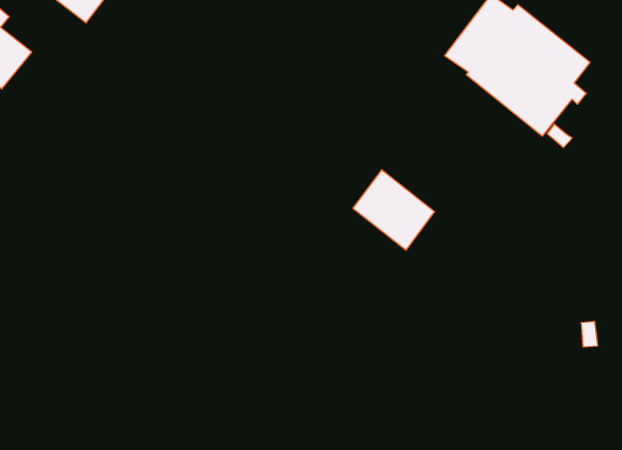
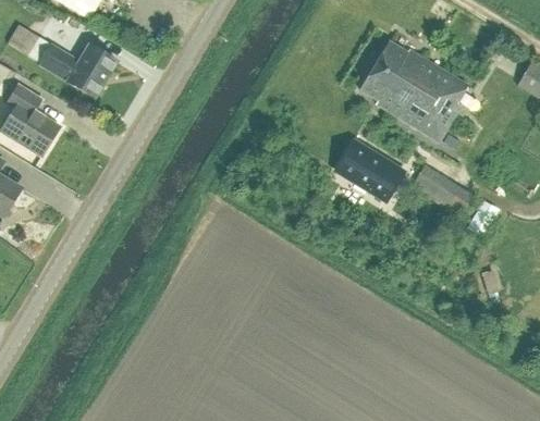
building: none -> [413,165,469,212]
building: [353,170,435,250] -> [343,143,403,199]

